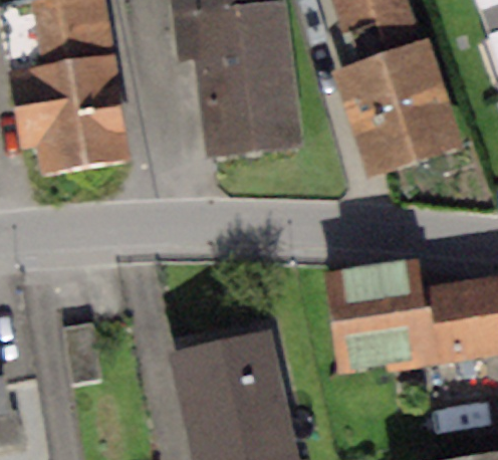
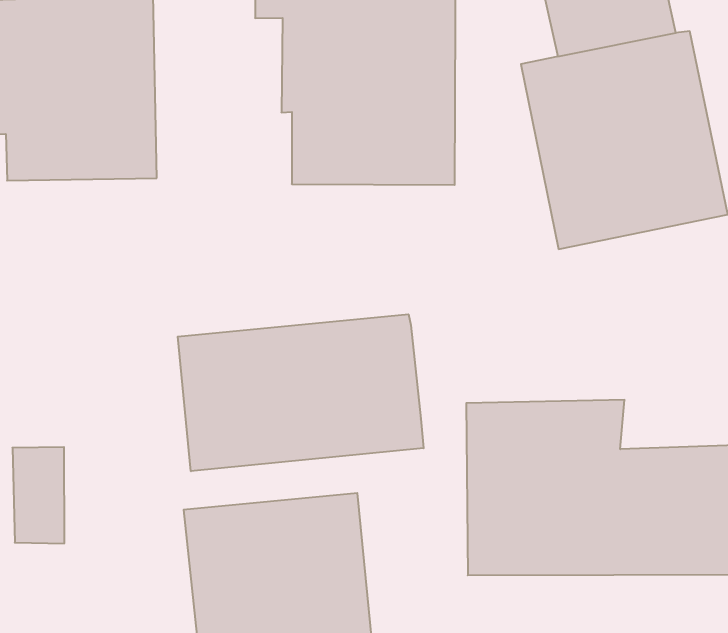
building: none -> [178,314,424,471]

